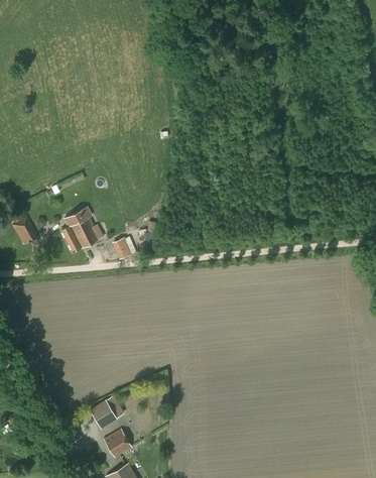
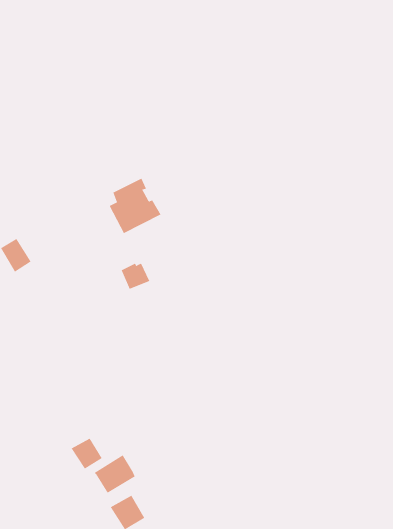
building: [60,206,104,252] -> [109,178,161,234]
building: none -> [71,438,103,470]

